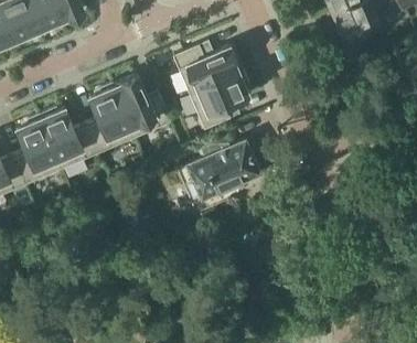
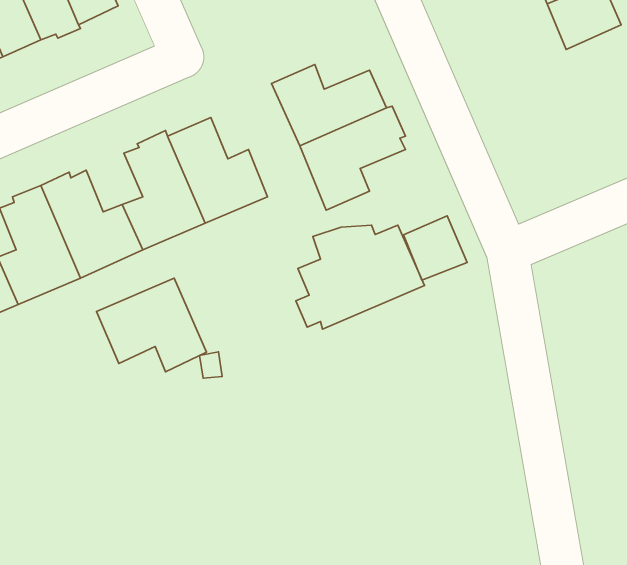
building: none -> [403,216,467,280]
building: none -> [97,278,207,372]

